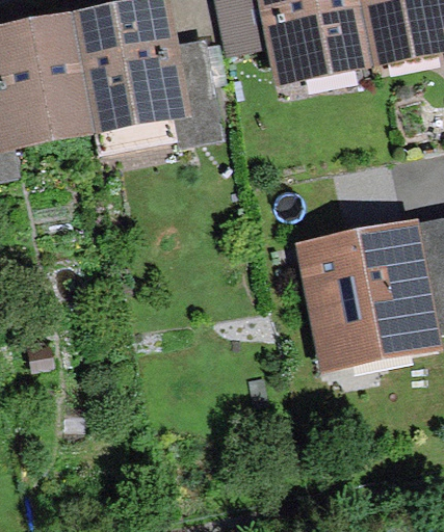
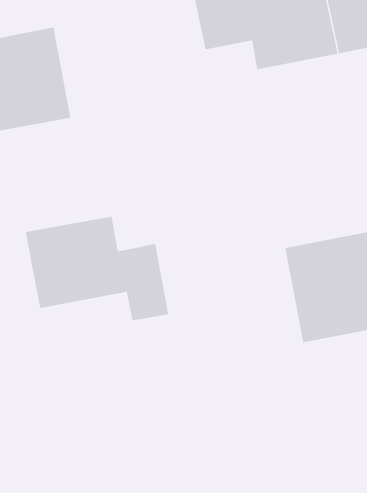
building: [76,15,220,153] -> none
building: none -> [25,216,169,321]

